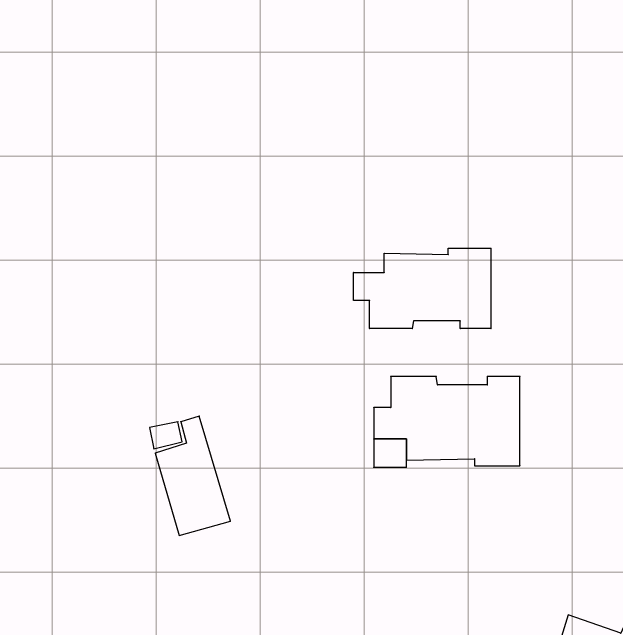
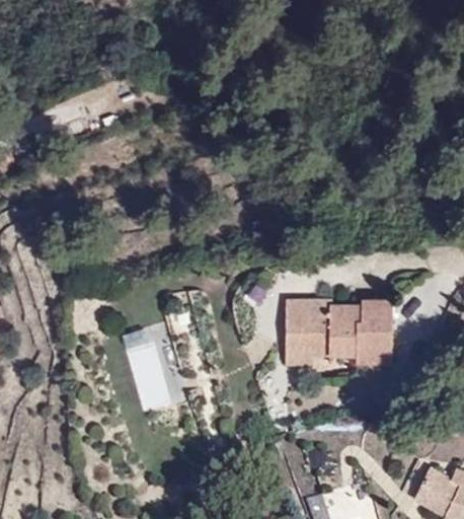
building: [354,248,491,329] -> none

